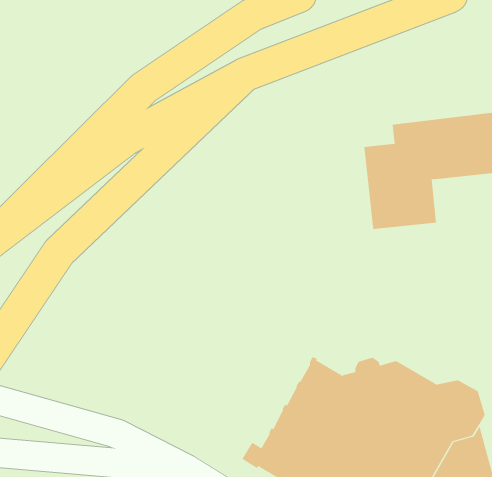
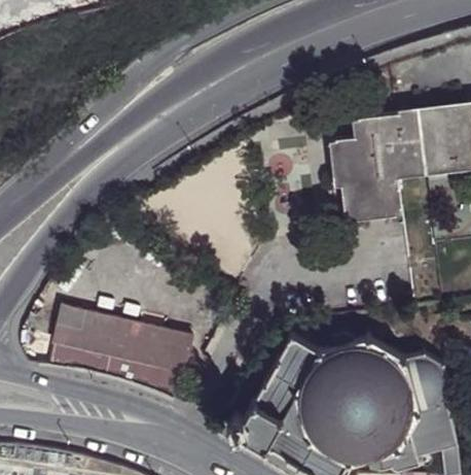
building: none -> [49,304,191,401]

